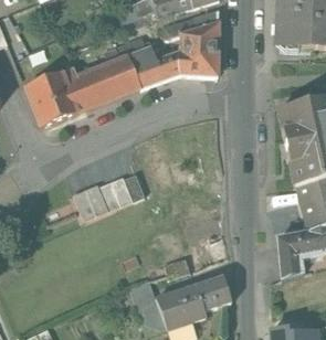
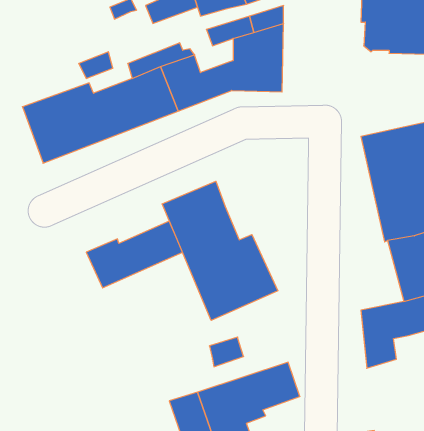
building: none -> [162,181,278,320]

